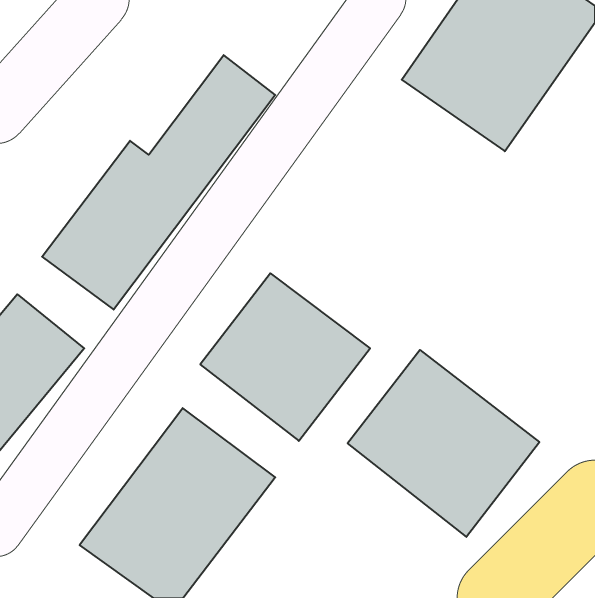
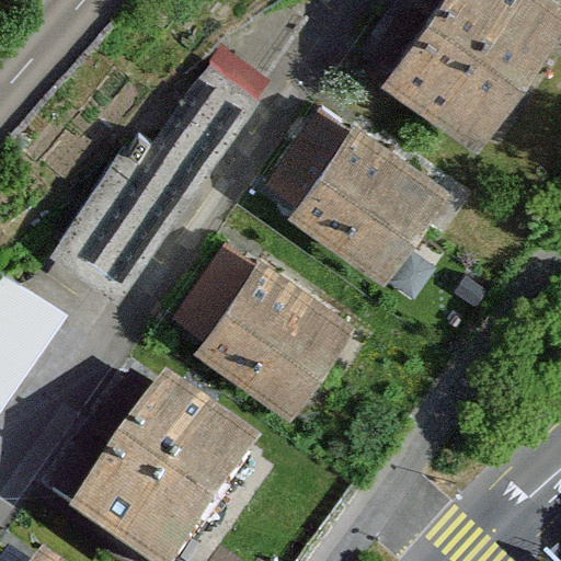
building: none -> [284,122,448,279]
building: [348,350,539,537] -> none

